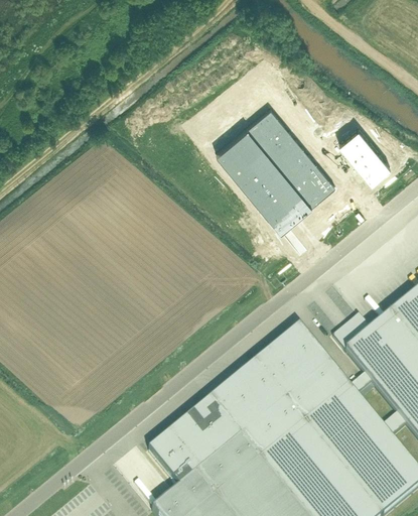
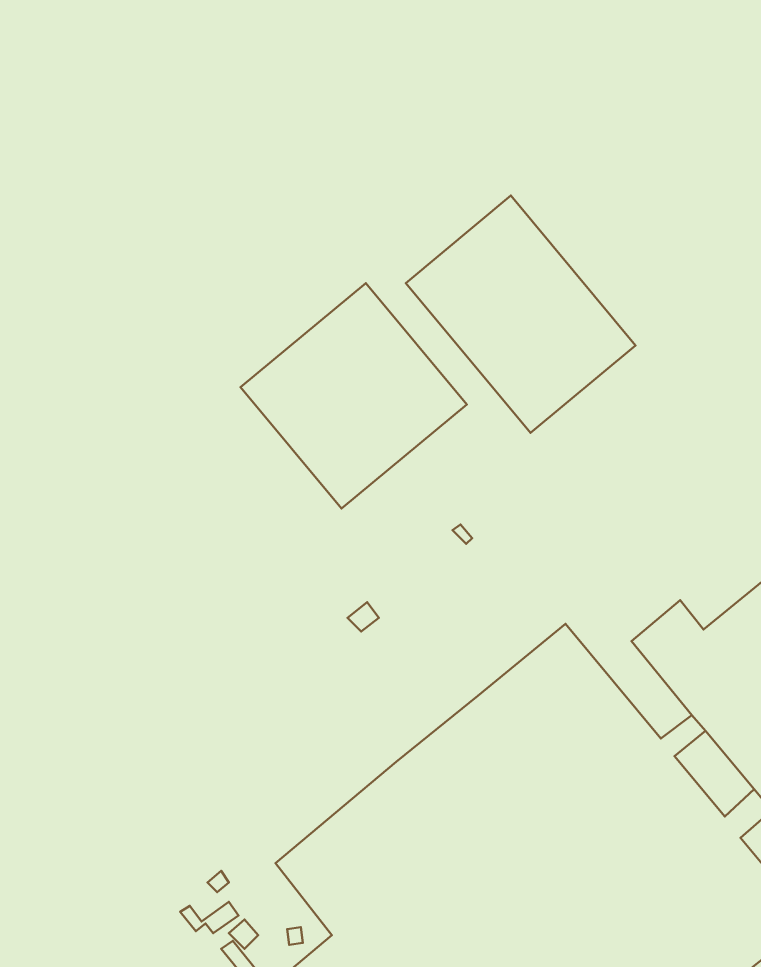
building: [337,125,389,180] -> none
building: none -> [241,283,467,508]

